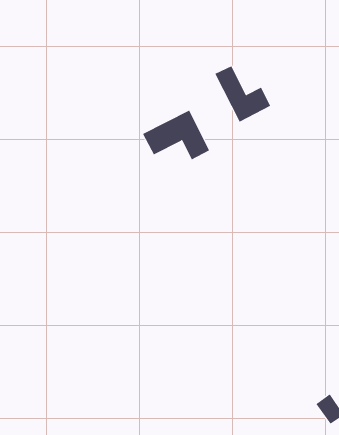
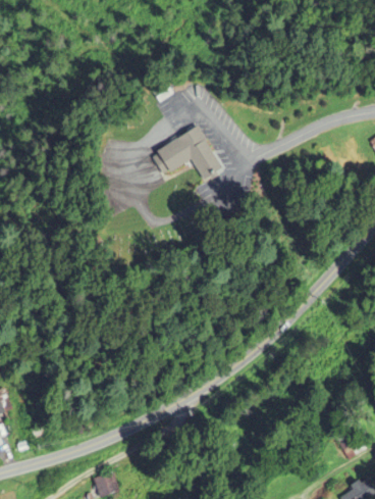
building: [214,66,271,122] -> none

